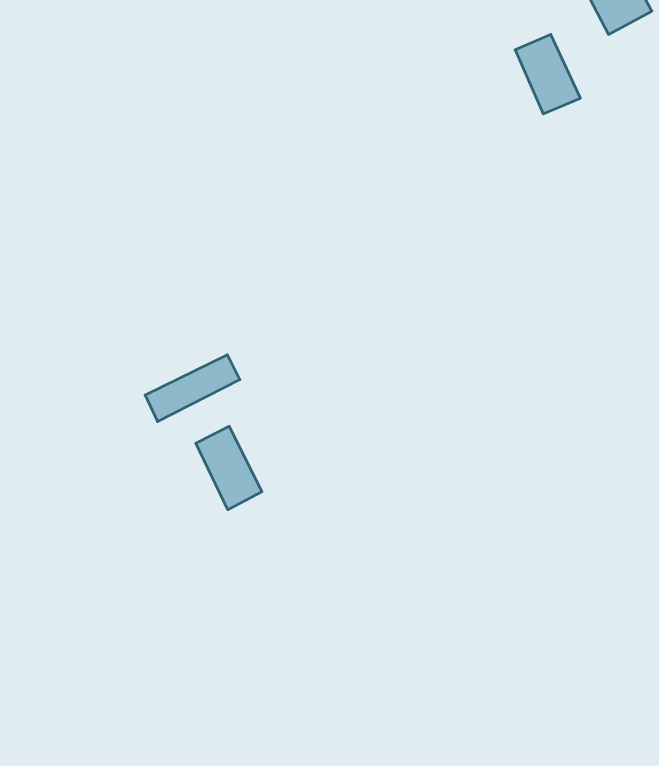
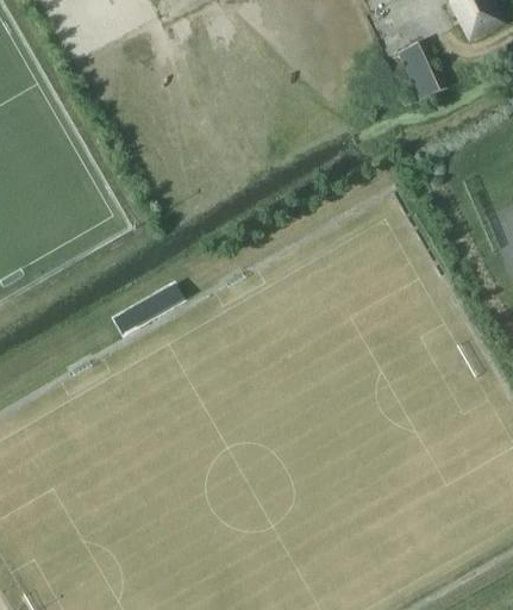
building: [196,426,262,510] -> none

